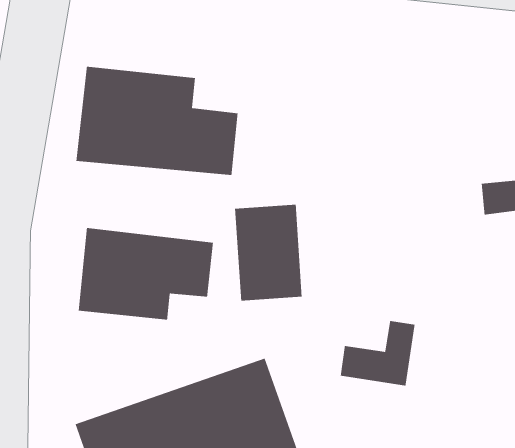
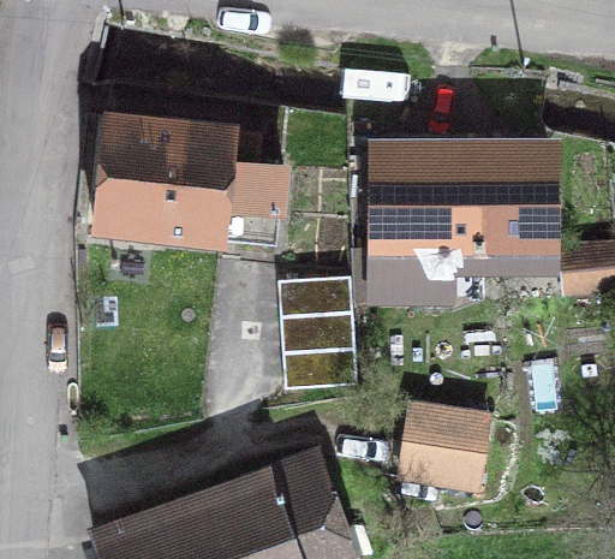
building: none -> [354,144,549,296]
building: [78,227,214,321] -> none

